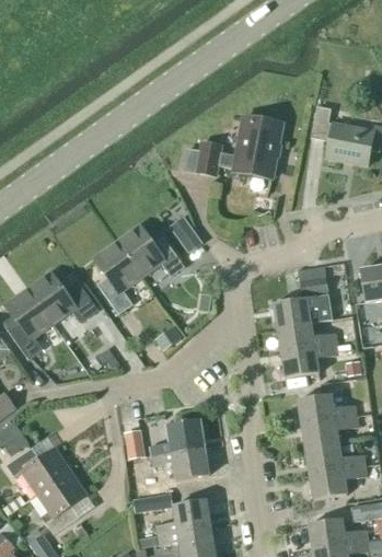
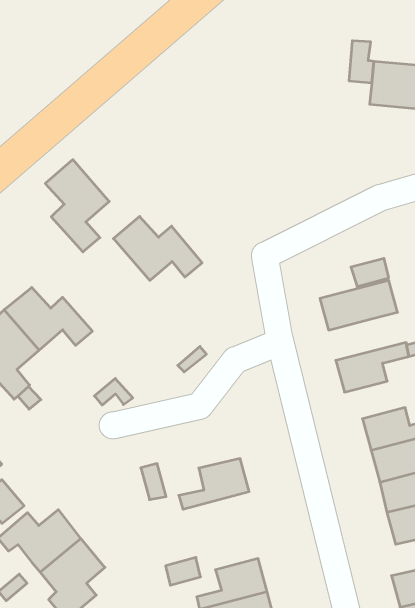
building: [196,116,281,176] -> none
building: [167,218,201,255] -> none
building: [94,242,142,314] -> [45,160,109,252]
building: [277,323,336,352] -> none
building: [151,448,208,479] -> none

